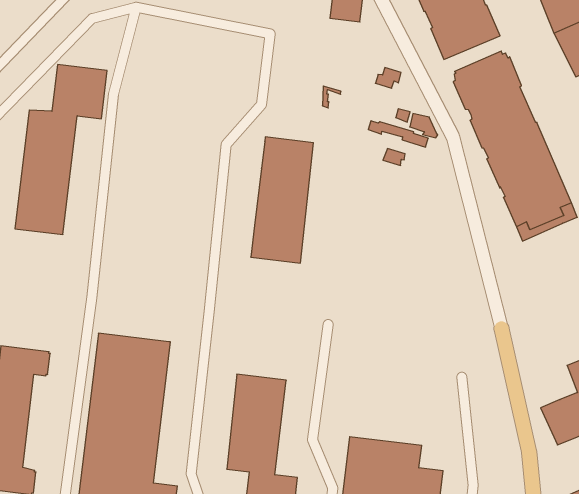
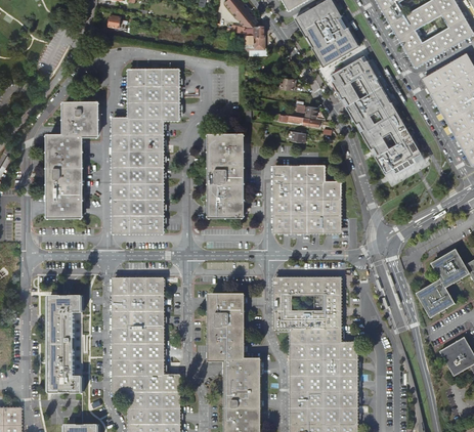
building: none -> [113,70,178,232]
building: none -> [274,167,340,231]
building: none -> [274,279,340,329]

